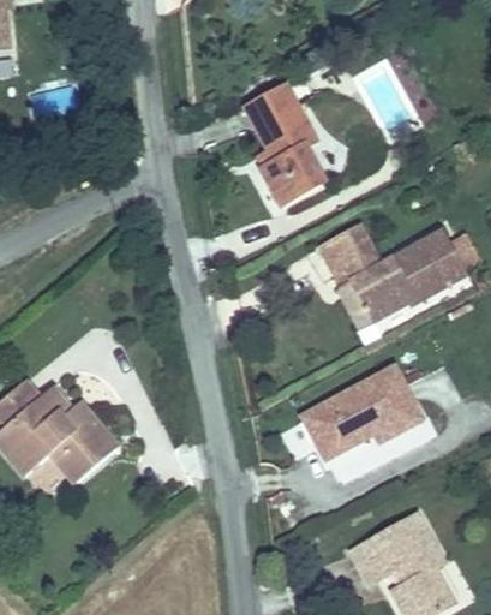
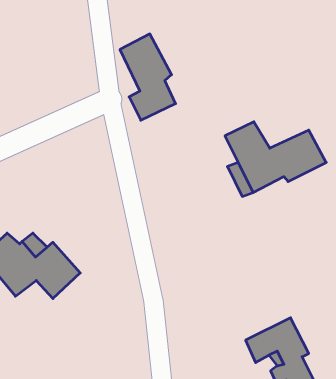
building: [242,84,323,209] -> [120,34,176,120]
building: [303,371,419,459] -> none

